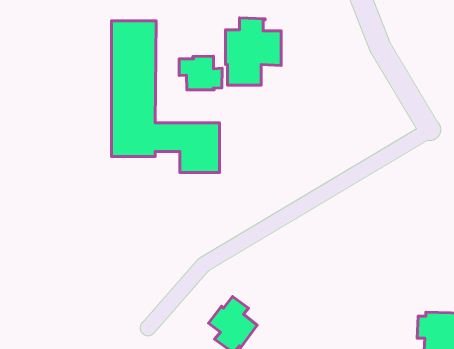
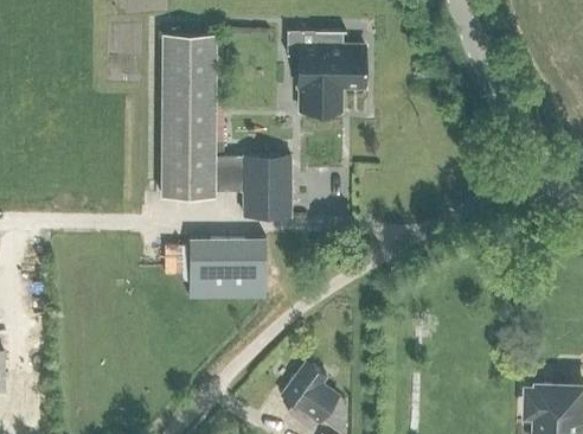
building: [179,56,222,90] -> none
building: none -> [190,240,267,298]

